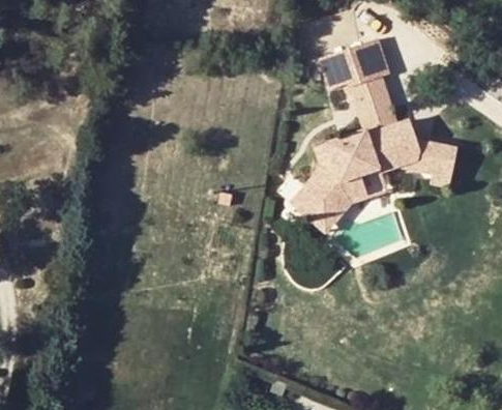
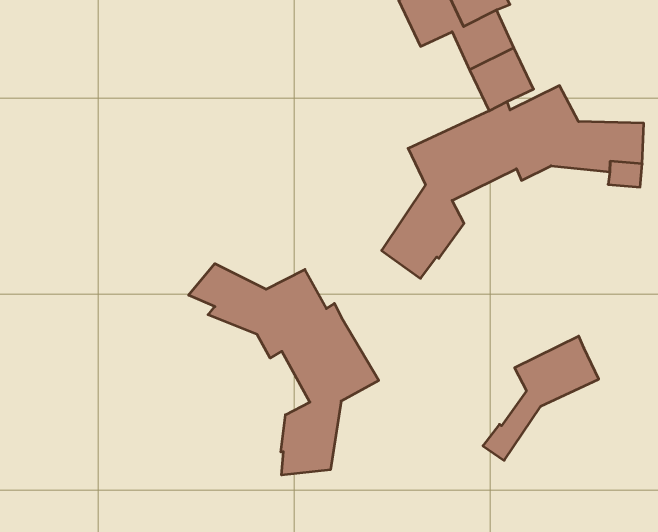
building: [313,164,386,231] -> [483,336,599,460]
building: none -> [189,264,379,475]

